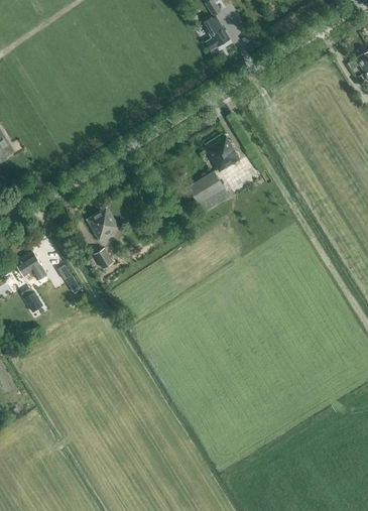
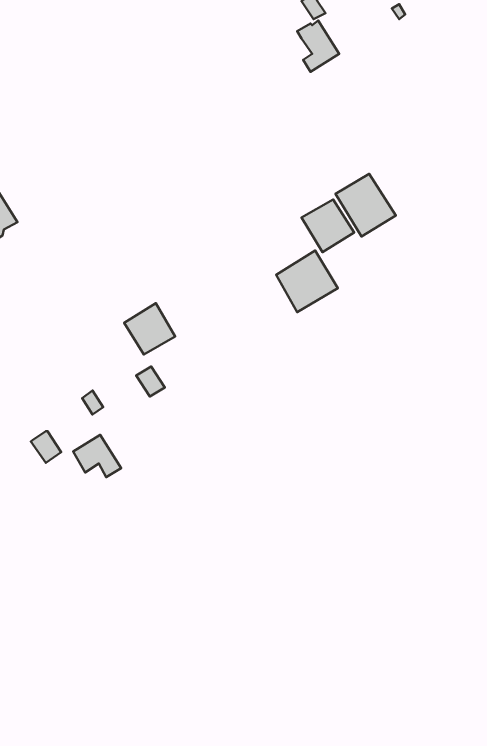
building: none -> [335,174,396,237]
building: [15,252,47,280] -> [73,435,121,477]

